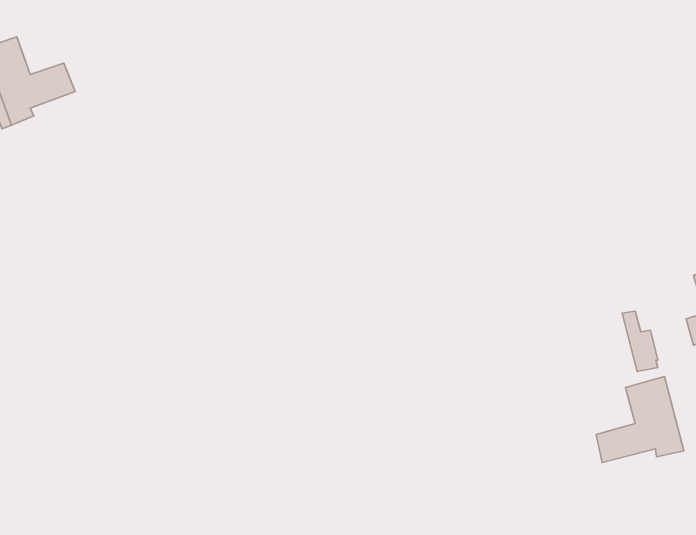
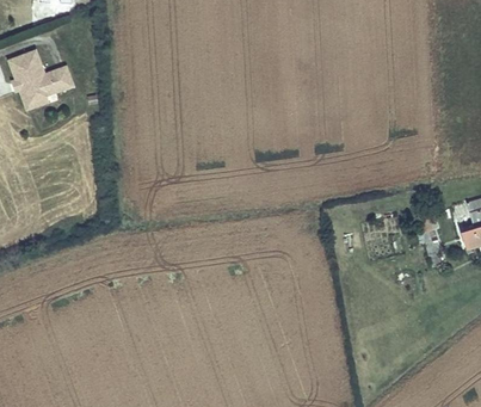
building: [596,376,684,462] -> none

